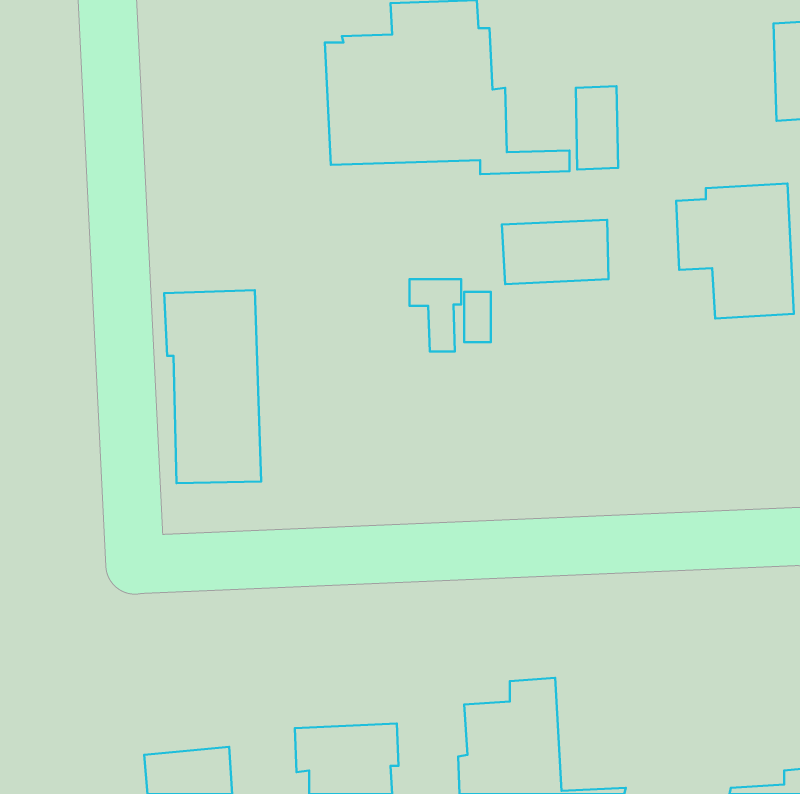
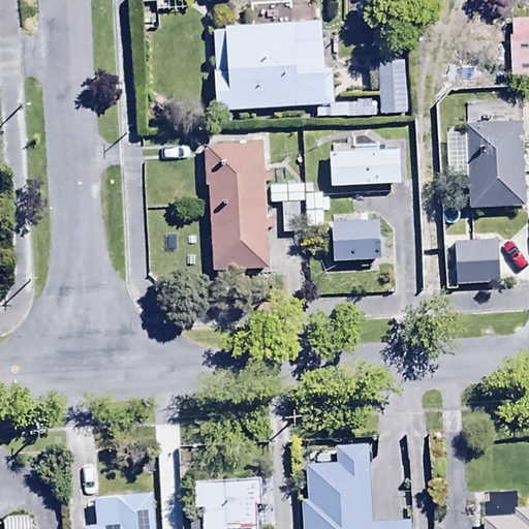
building: [164,290,261,483] -> [205,142,269,269]
building: none -> [334,218,384,262]
building: none -> [454,240,500,285]

